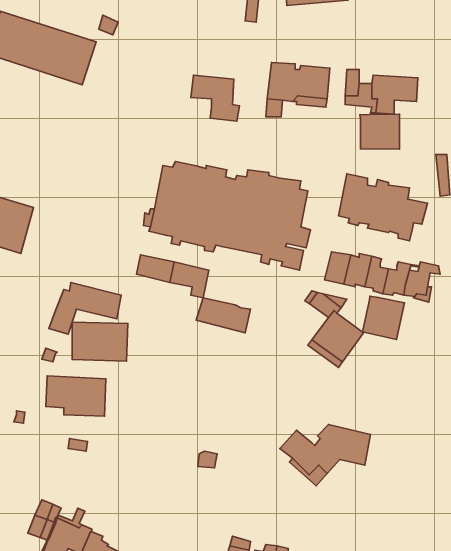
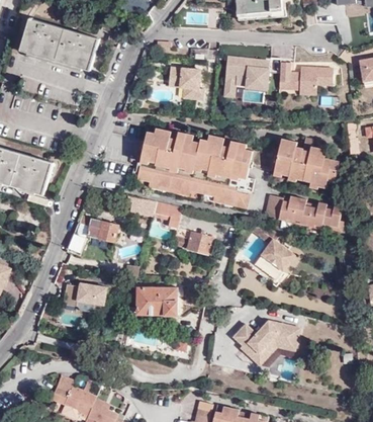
building: [360,114,399,149] -> none
building: [363,296,405,340] -> none
building: [72,322,128,361] -> [136,286,177,315]

